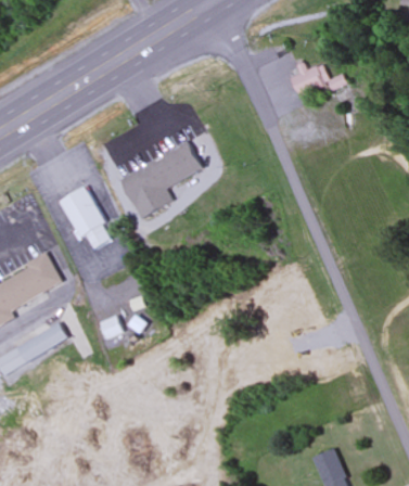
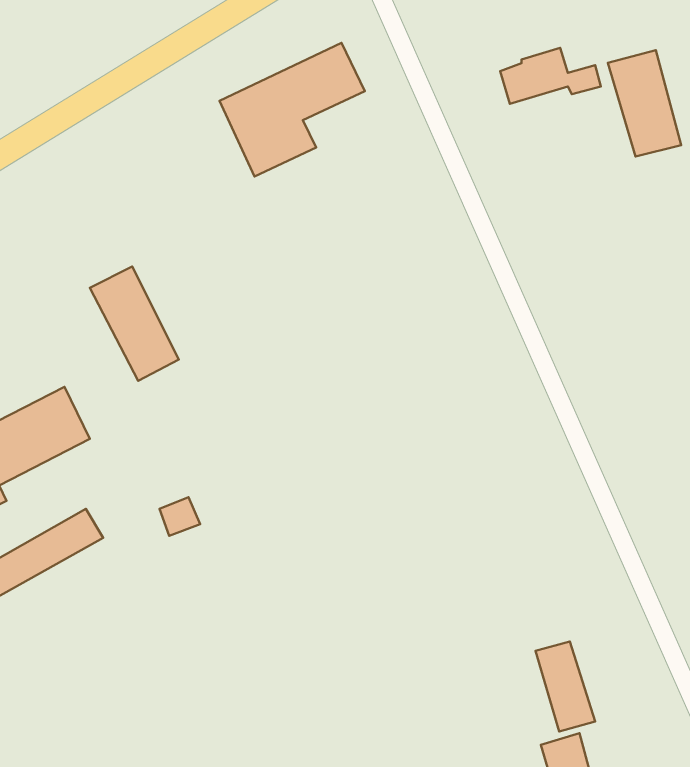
building: none -> [608,50,681,157]
building: [119,143,201,218] -> [220,43,365,176]
building: none -> [535,642,595,732]

